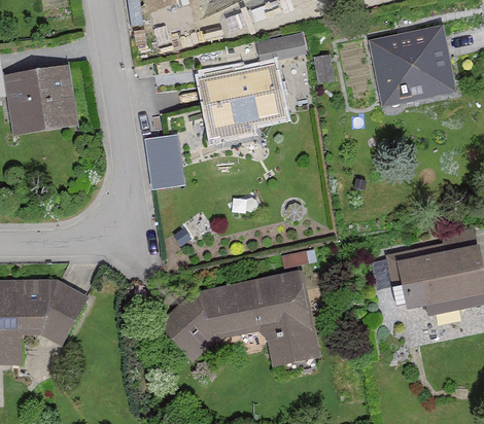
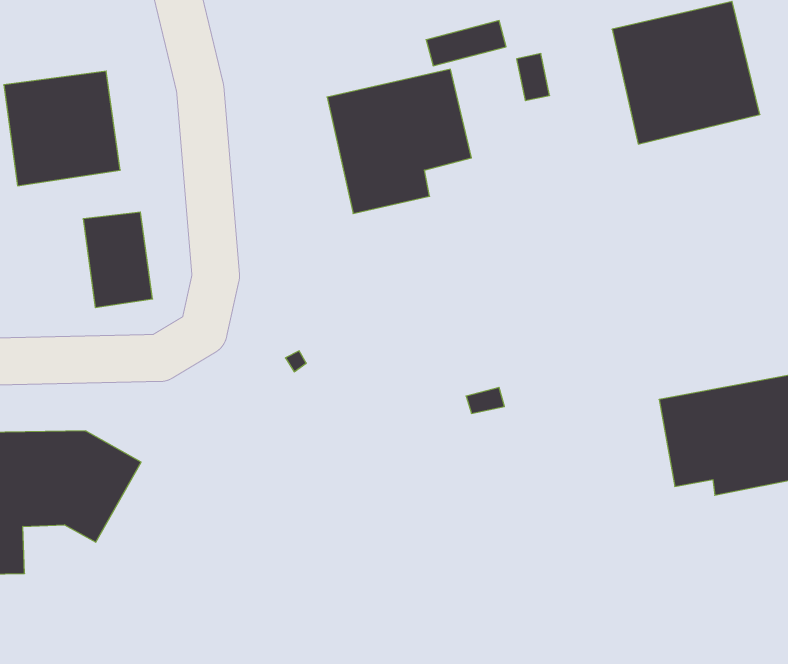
building: [149,126,191,182] -> [83,212,153,308]
building: [159,270,320,373] -> none

